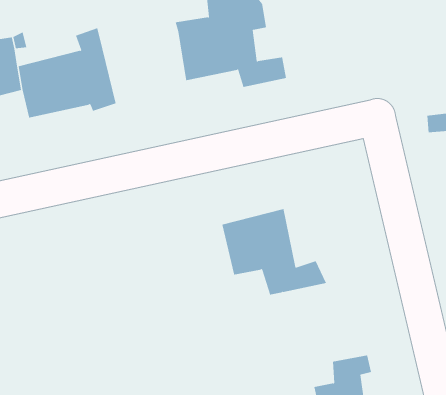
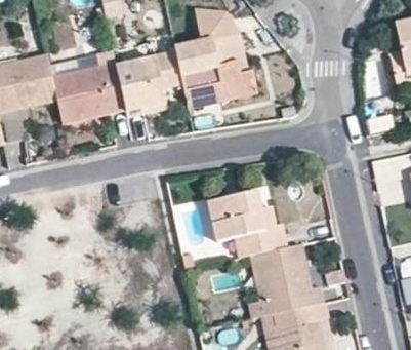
building: none -> [118,52,183,115]
building: none -> [256,243,322,312]

